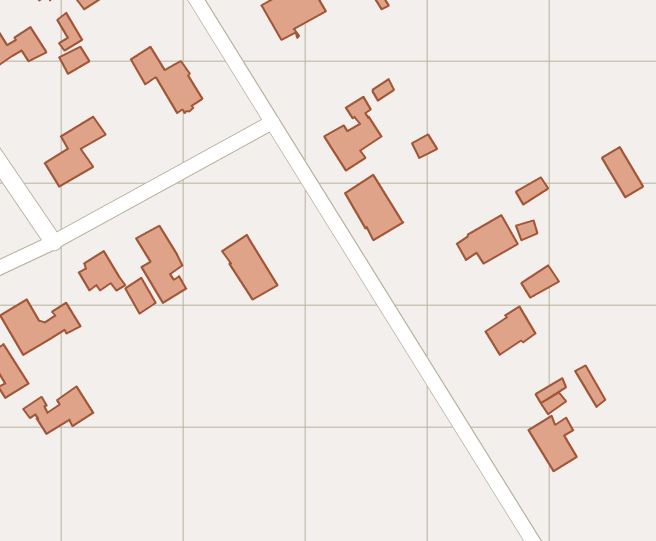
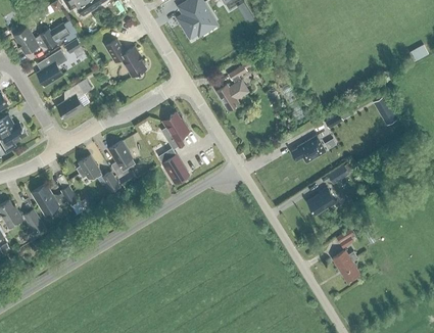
building: none -> [36,49,66,86]
building: [345,175,403,240] -> none
building: none -> [161,112,189,148]
building: [23,386,93,434] -> none

